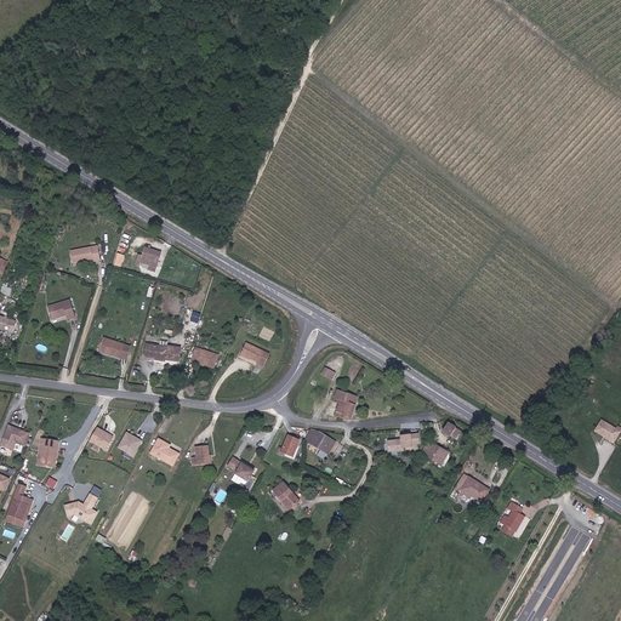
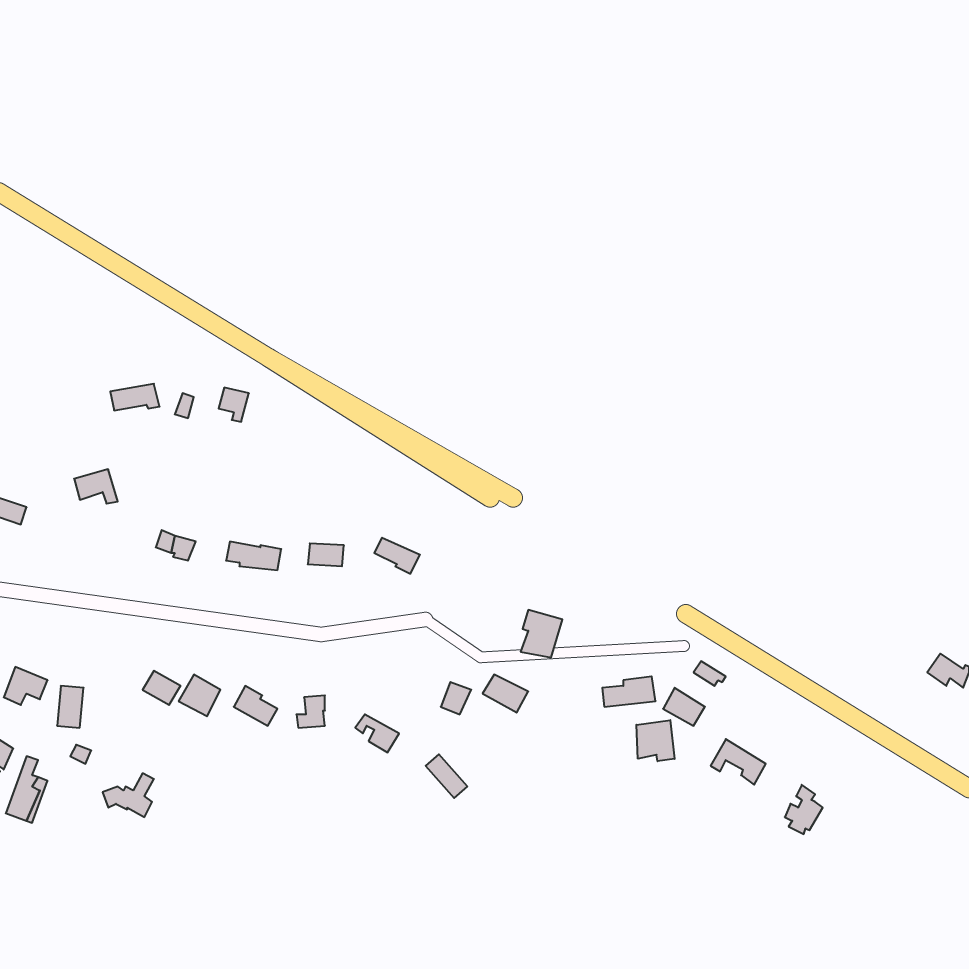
building: none -> [636,720,675,761]

